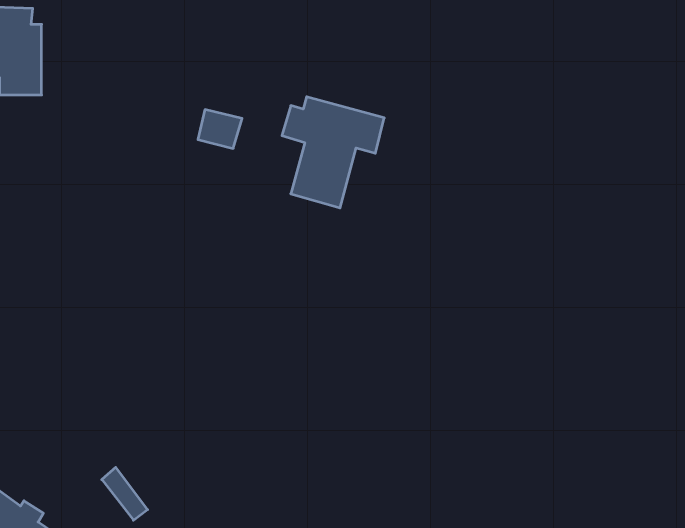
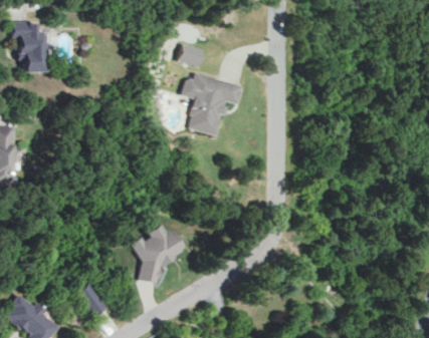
building: [198,110,242,148] -> [180,43,205,65]
building: none -> [138,228,180,283]

